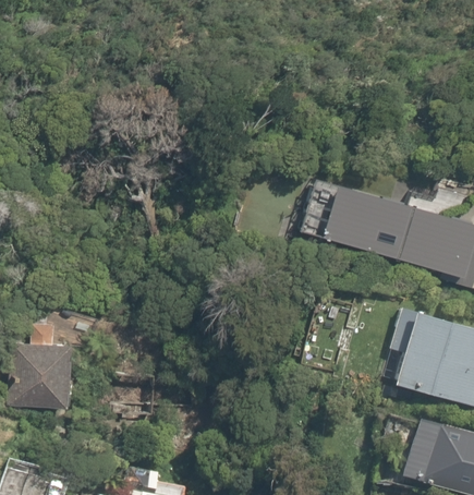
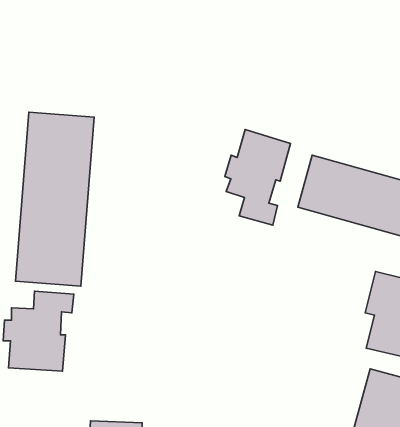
building: none -> [16,112,94,286]
building: none -> [225,129,291,225]

